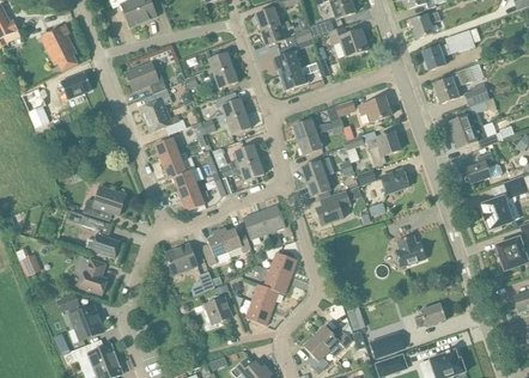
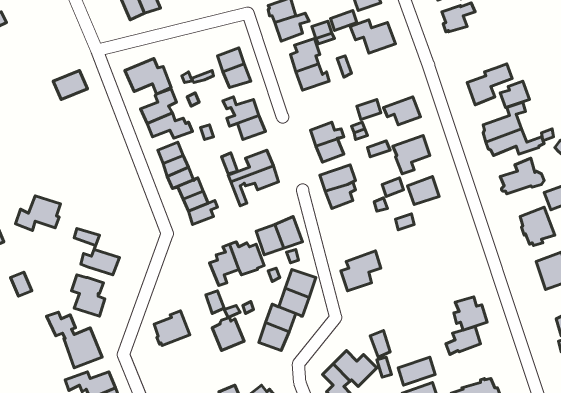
building: [36,23,78,72] -> none
building: [421,29,475,69] -> none
building: [83,185,123,217] -> [15,196,60,230]
building: [315,189,351,225] -> [341,251,381,291]
building: [395,234,425,264] -> [454,297,487,330]
building: [165,243,197,274] -> [154,311,190,345]

